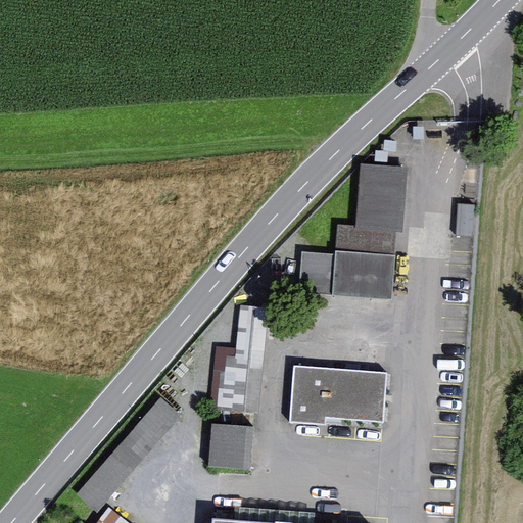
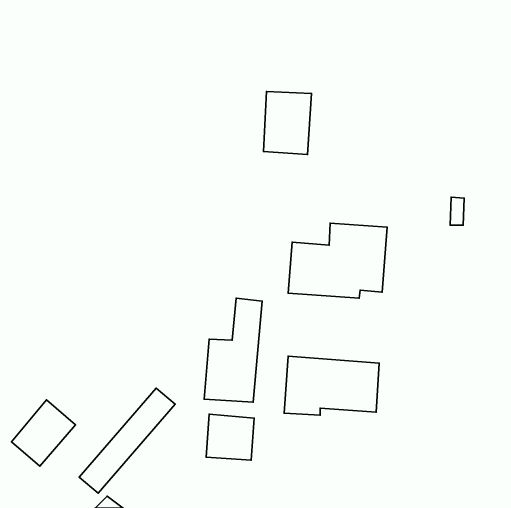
building: [354,163,403,228] -> [263,92,311,155]
building: none -> [11,400,75,466]

